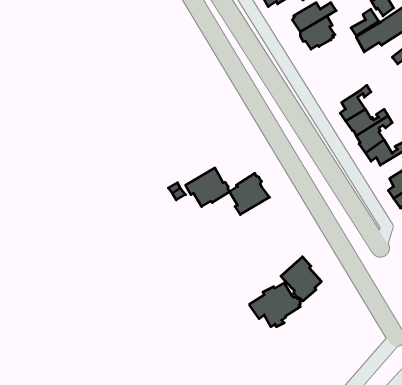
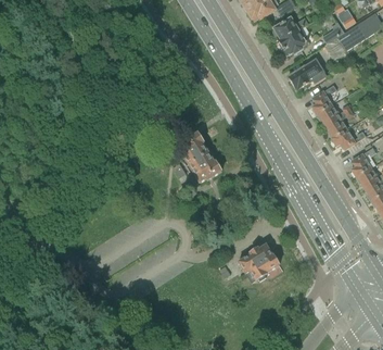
building: none -> [286,59,325,89]
building: [230,173,270,215] -> [177,132,209,165]
building: [281,257,321,301] -> none

